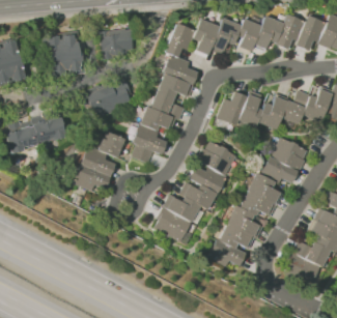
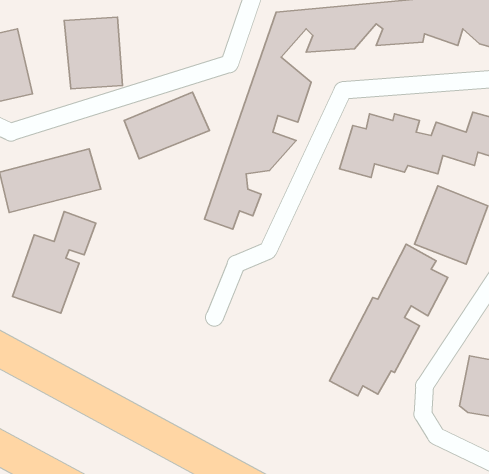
building: [99,27,135,58] -> none
building: [74,131,125,194] -> [12,211,96,313]
building: [153,140,236,241] -> none

